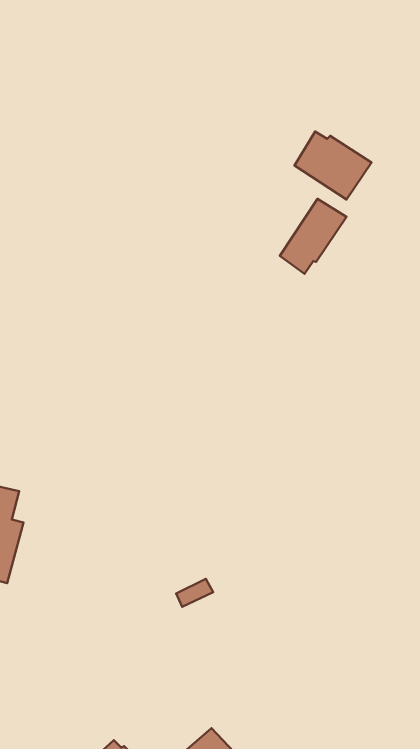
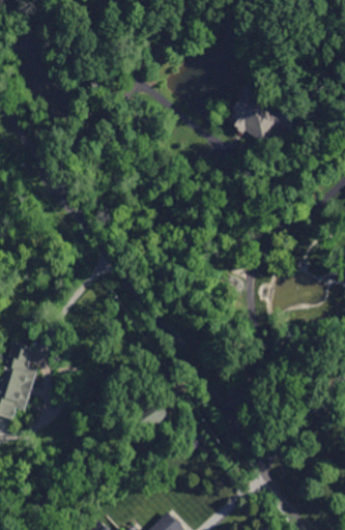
building: [280,199,346,274] -> none

